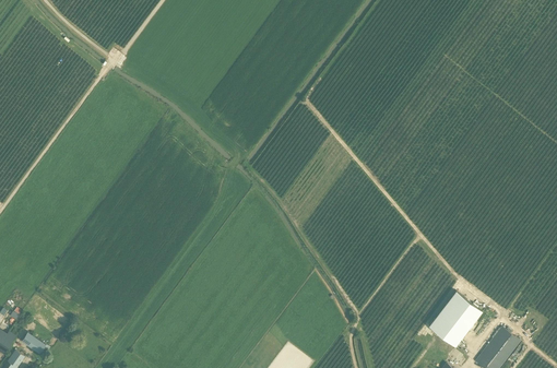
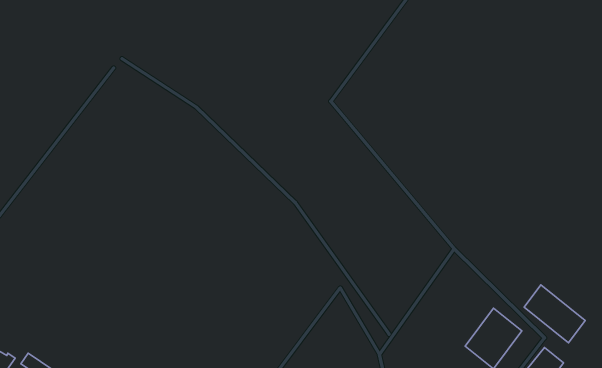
building: none -> [524,285,585,343]

